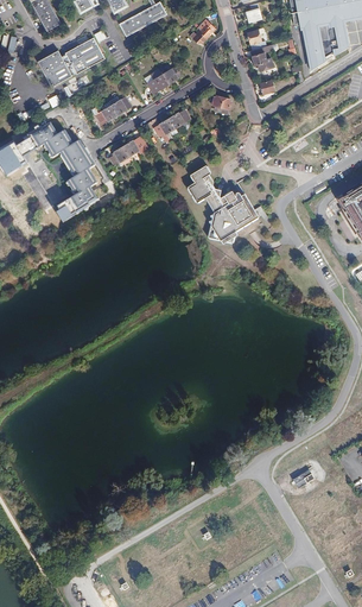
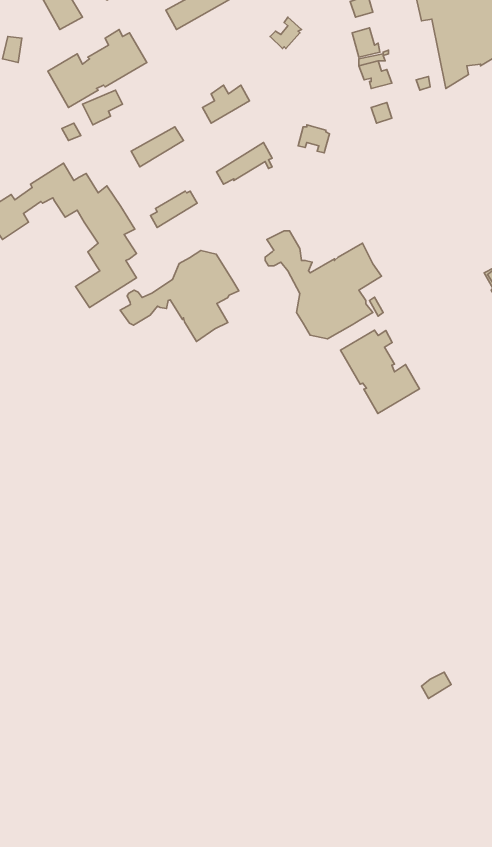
building: none -> [120,251,239,342]
building: none -> [340,330,420,413]

